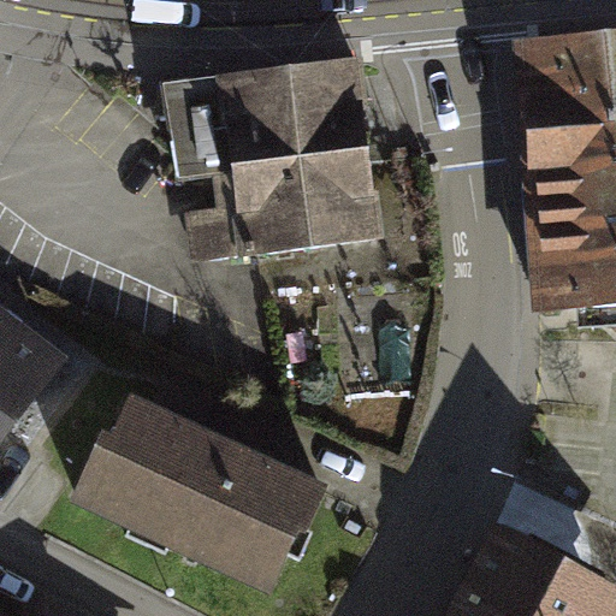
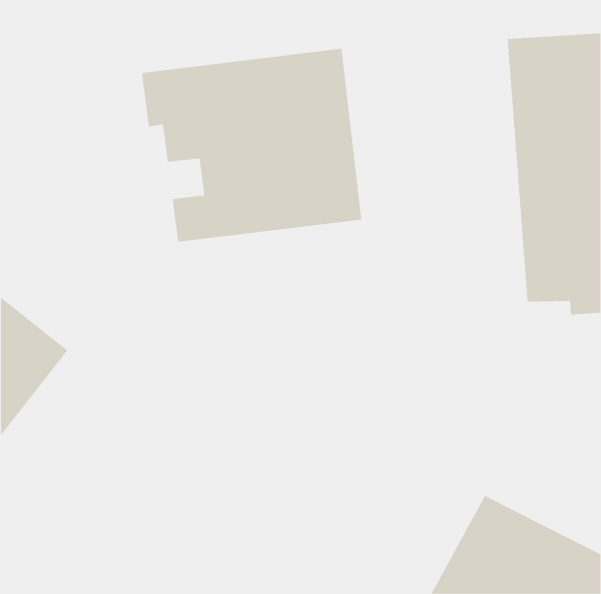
building: [75,399,334,598] -> none

